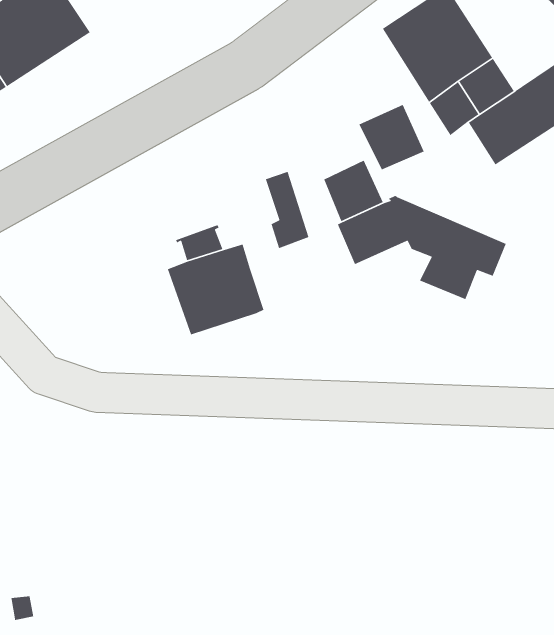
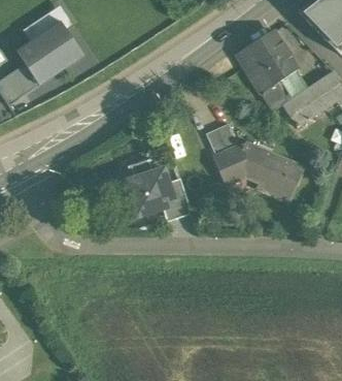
building: [358,104,425,171] -> none
building: [265,171,310,249] -> [168,177,192,218]

